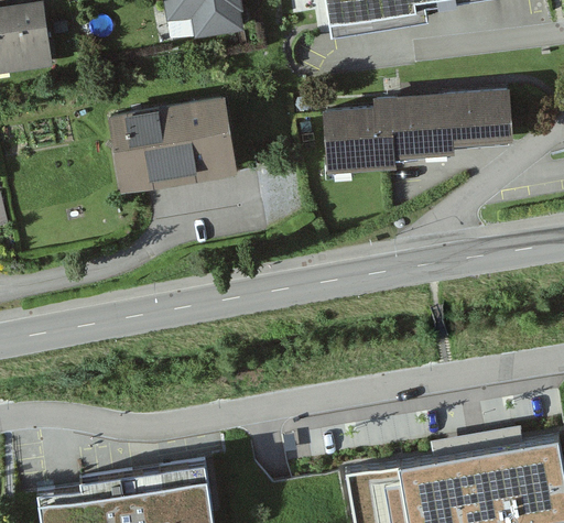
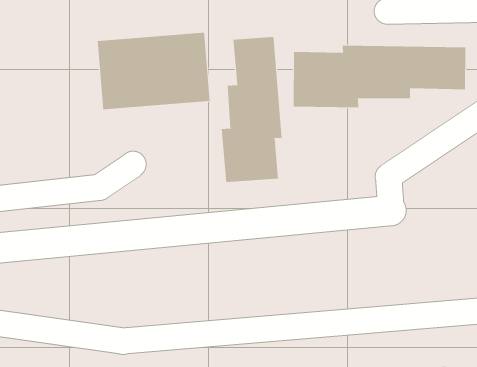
building: none -> [221,36,282,183]

